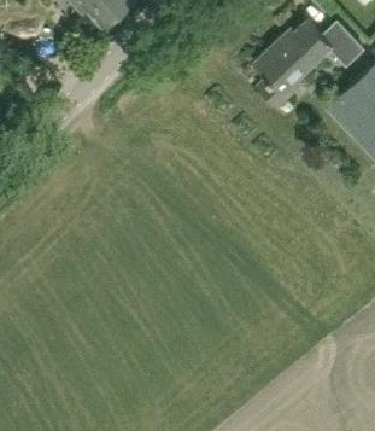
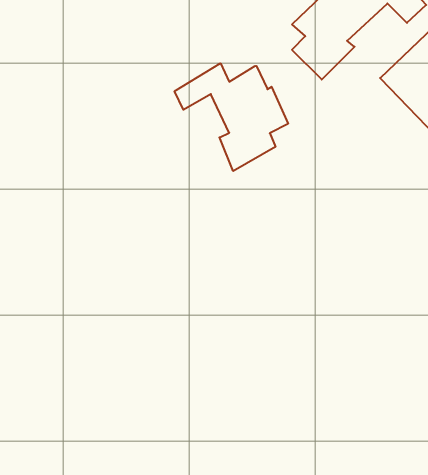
building: none -> [175,63,288,171]

